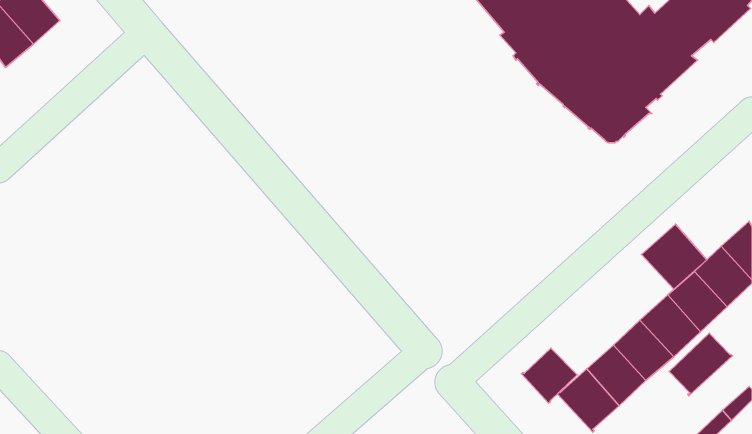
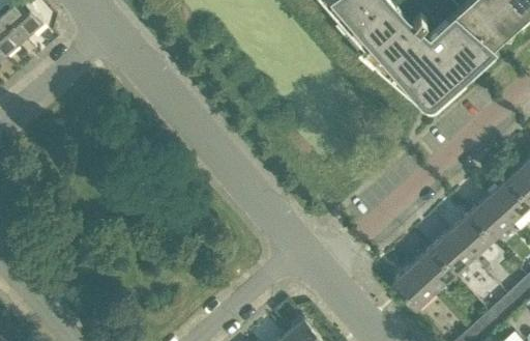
building: [641,224,707,289] -> none
building: [669,333,732,396] -> none
building: [521,348,577,403] -> none

